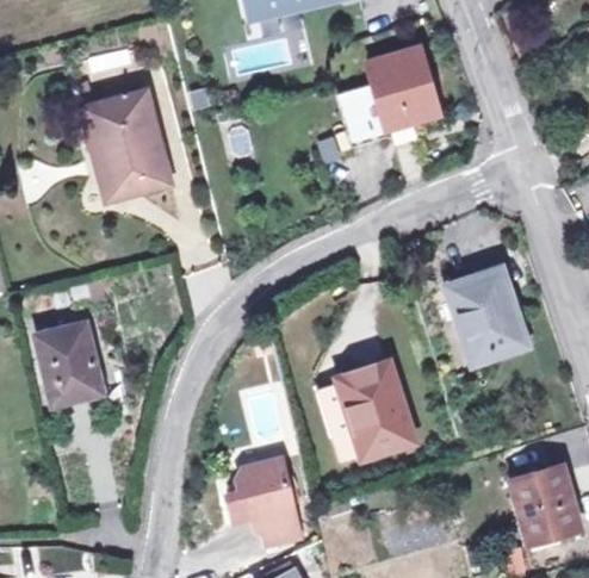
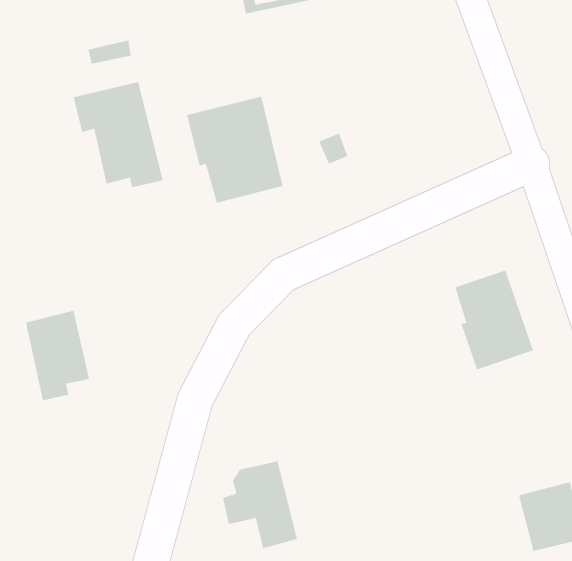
building: [339,51,440,149] -> none
building: none -> [187,96,283,203]
building: [326,365,415,462] -> none

